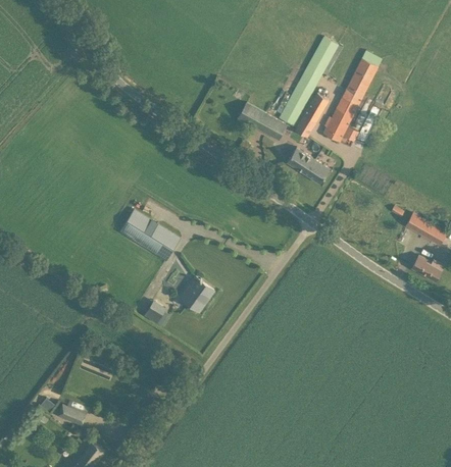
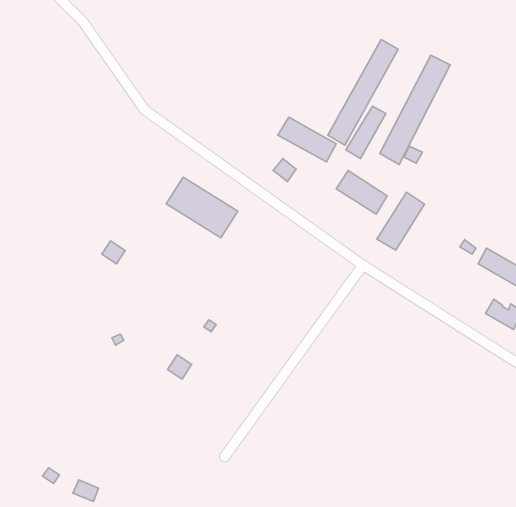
building: none -> [377,192,425,250]
building: [119,210,180,261] -> [166,177,238,238]
building: [179,277,213,312] -> none

